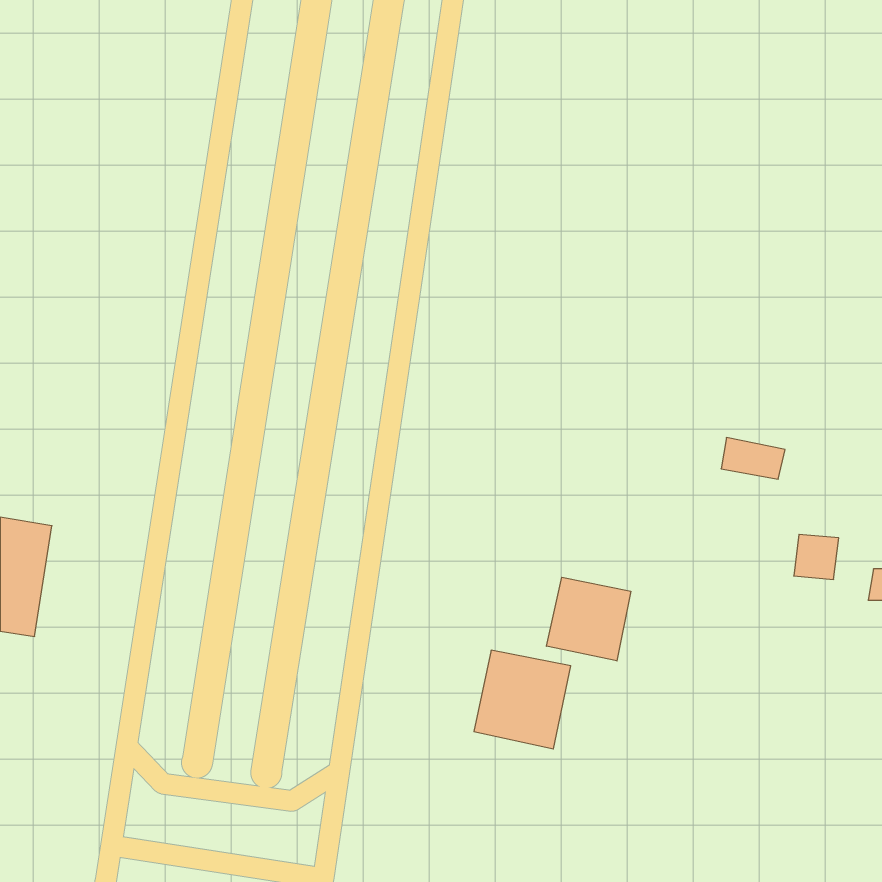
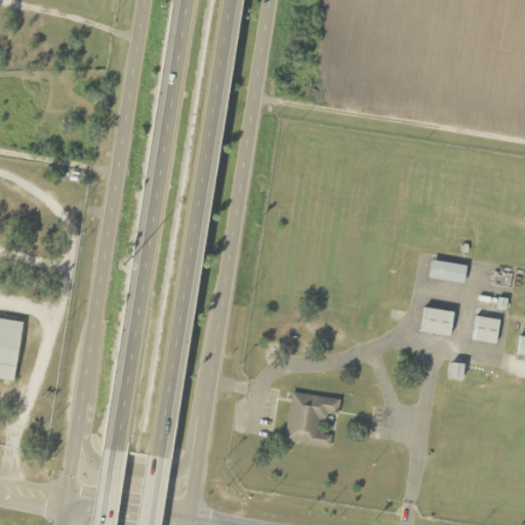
building: none -> [420,308,452,336]
building: [546,577,631,661] -> none

